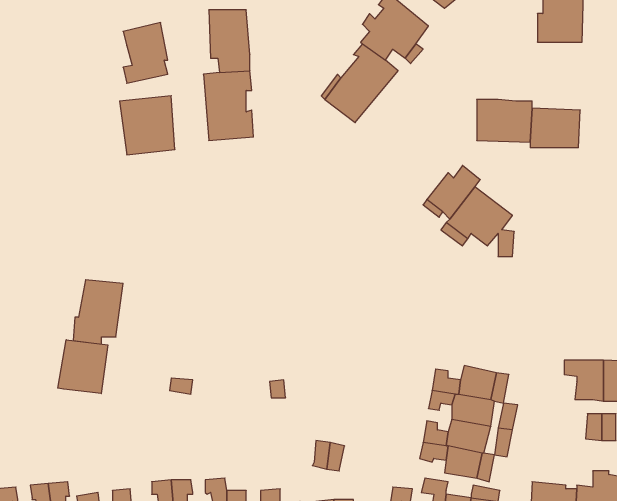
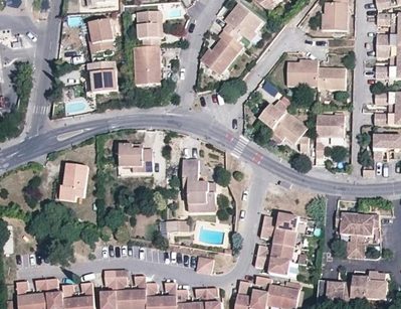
building: none -> [316,115,343,137]
building: none -> [120,143,152,171]
building: none -> [182,159,215,211]
building: [58,340,108,394] -> none

